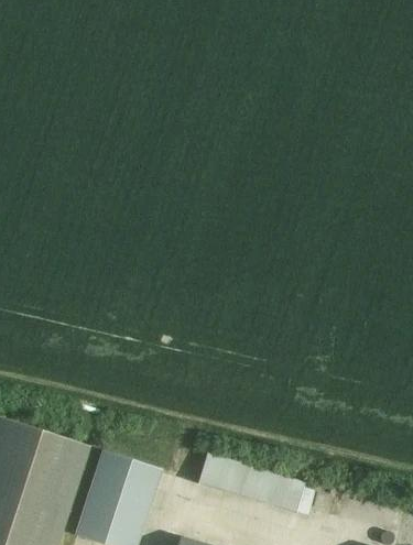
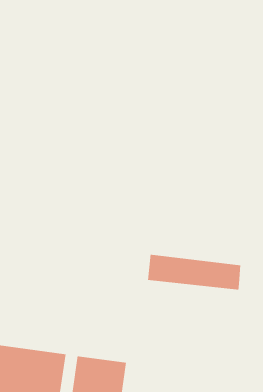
building: [198,454,316,516] -> [147,254,241,290]

